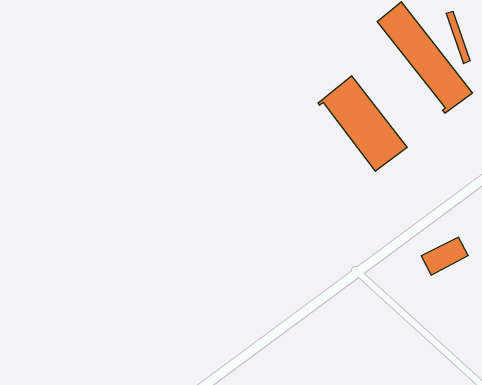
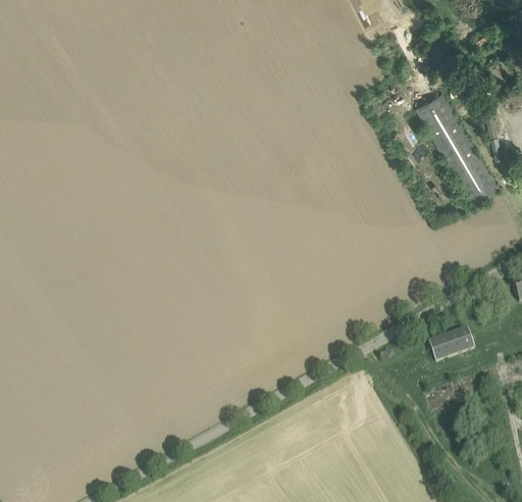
building: [318,76,407,171] -> none

